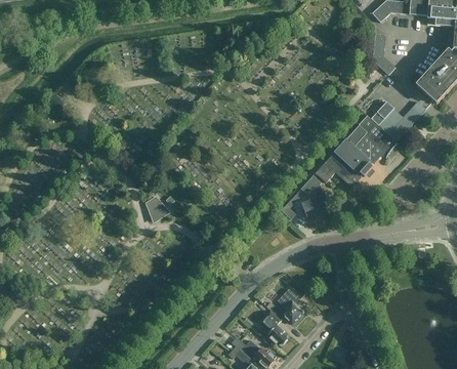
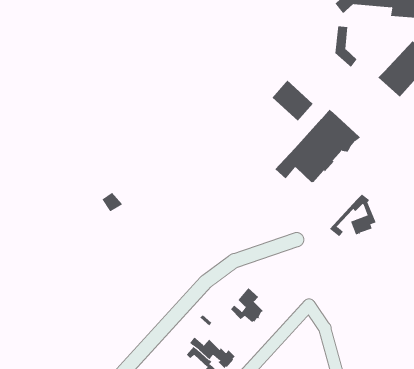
building: [371,99,412,140] -> [271,79,314,122]
building: [281,175,327,217] -> [329,194,376,237]
building: [260,309,287,342] -> none

